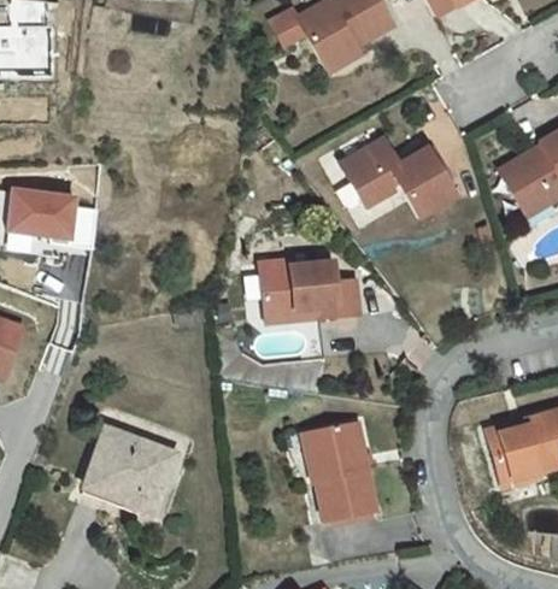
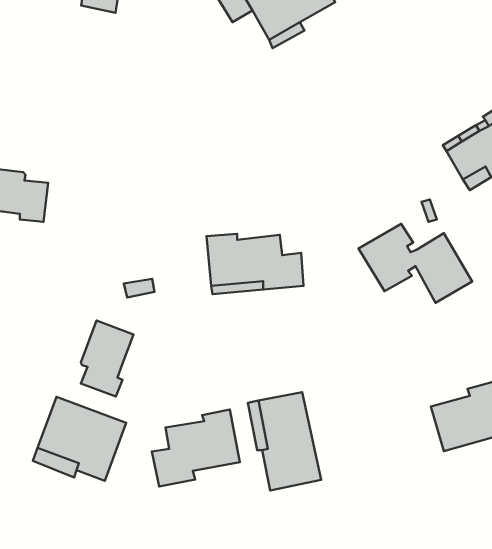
building: [340,137,456,218] -> [359,224,472,303]
building: none -> [81,321,134,396]
building: none -> [152,410,240,486]

